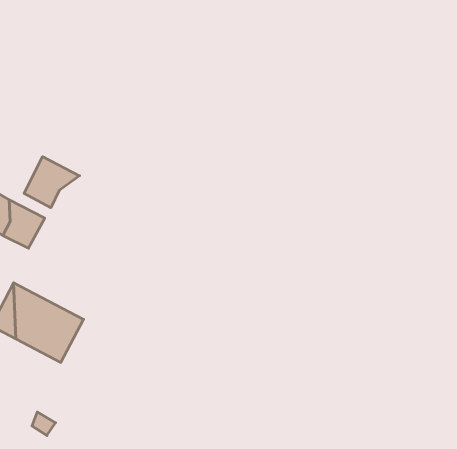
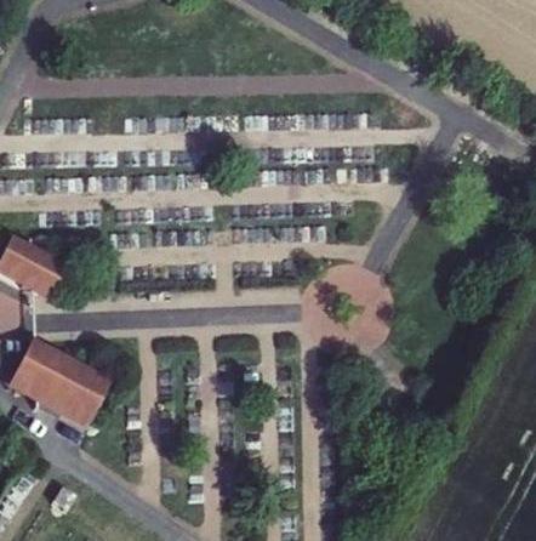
building: [24,157,80,208] -> none

